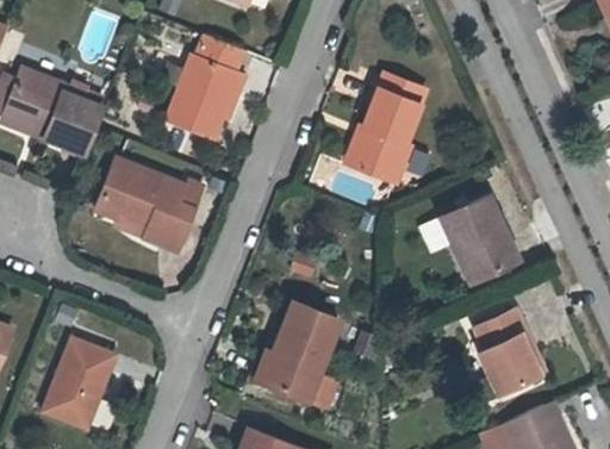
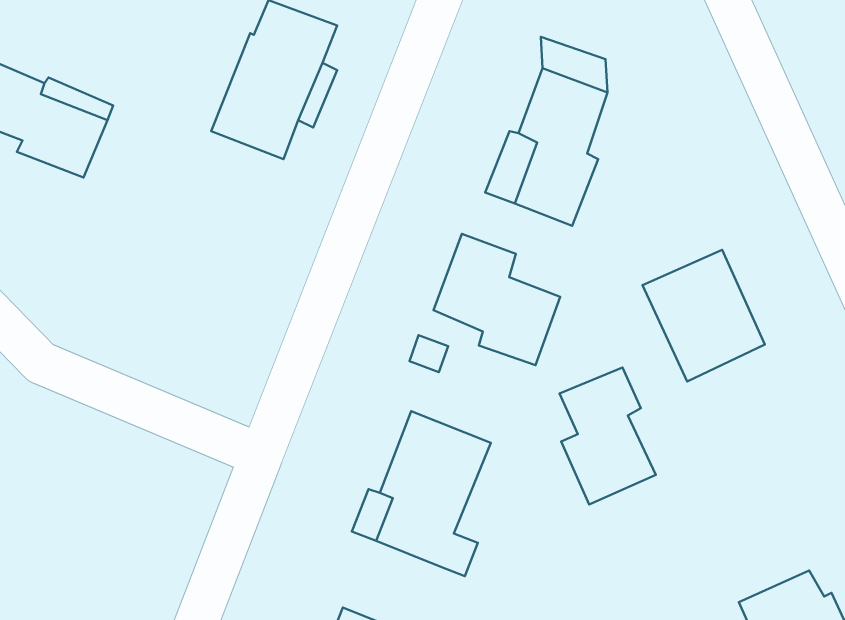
building: [91,157,194,243] -> none
building: none -> [433,234,560,365]
building: [472,308,534,397] -> [559,367,656,505]
building: [39,335,113,429] -> none

